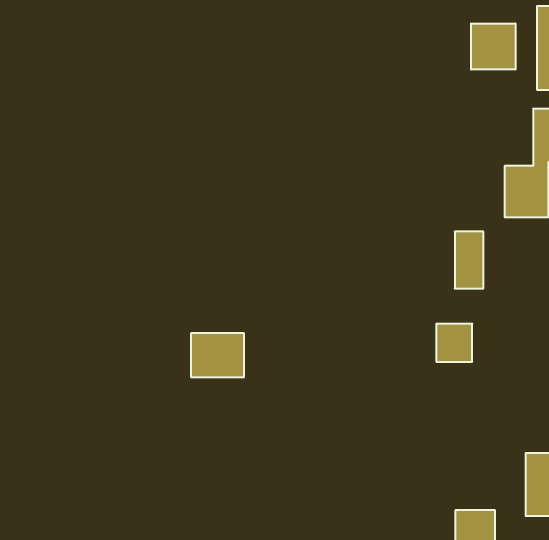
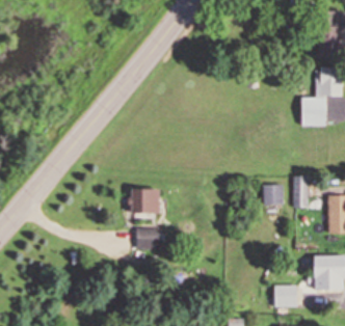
building: [471,23,515,70] -> none
building: [455,232,483,289] -> [293,175,309,207]
building: none -> [136,227,159,249]

